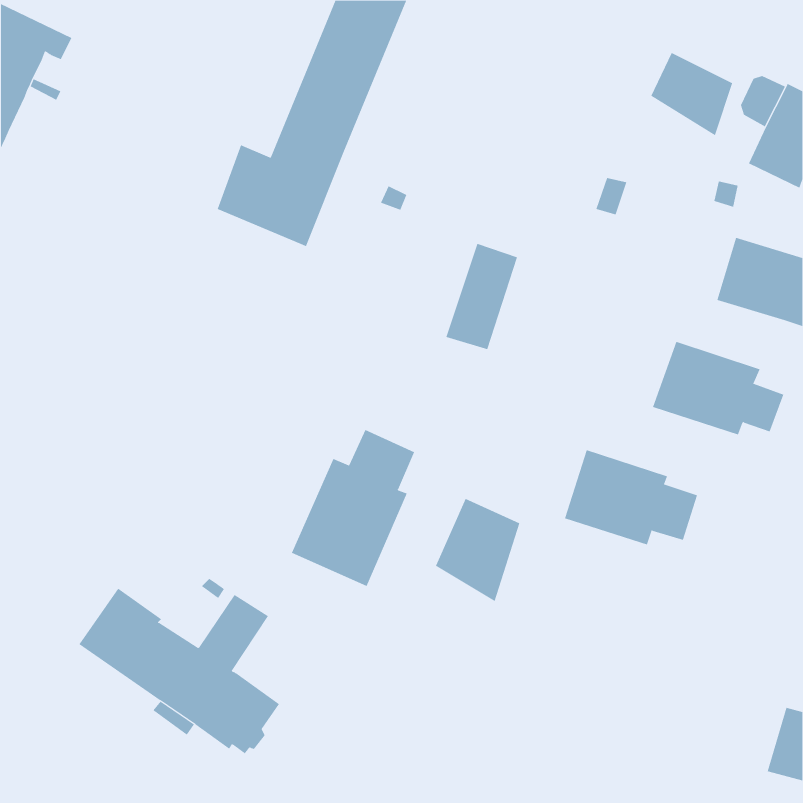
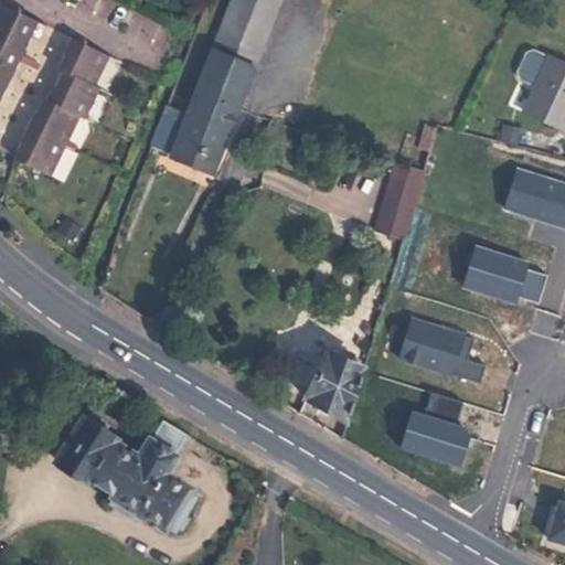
building: [650,52,733,136] -> none
building: none -> [20,39,110,177]
building: [445,243,518,350] -> [375,163,426,238]
building: [291,429,415,587] -> none
building: none -> [401,392,469,467]

